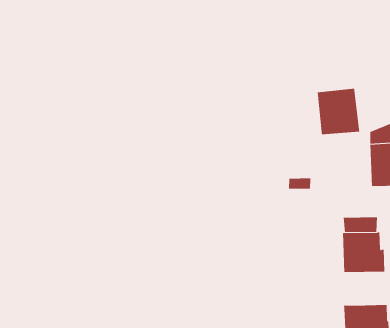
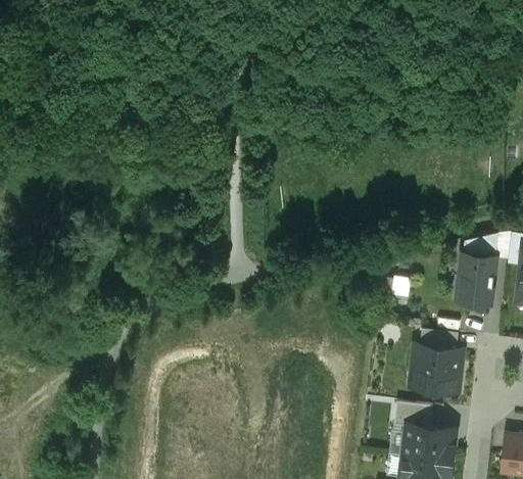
building: [317,88,360,135] -> none
building: none -> [393,404,432,429]

